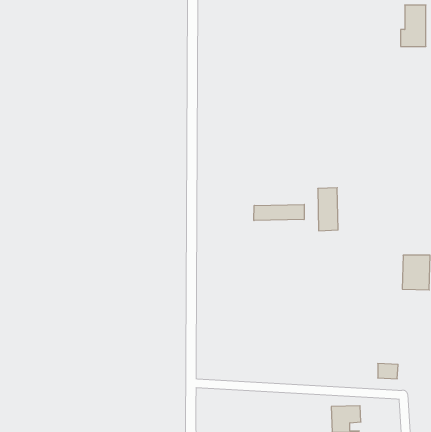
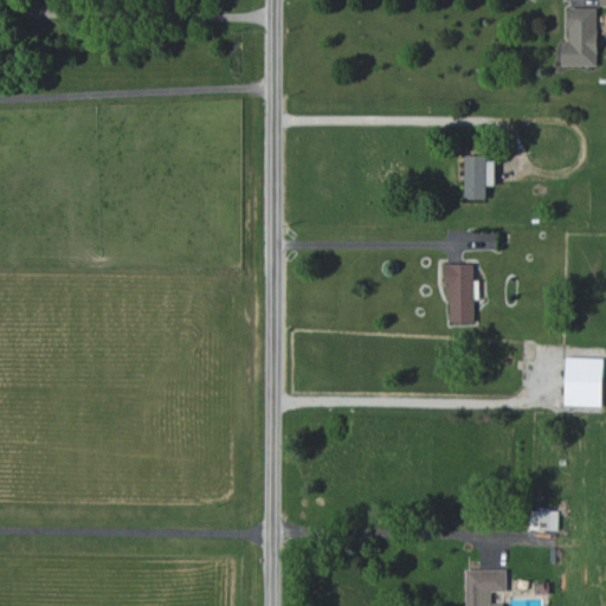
building: none -> [463,156,494,199]
building: [254,204,304,221] -> none

